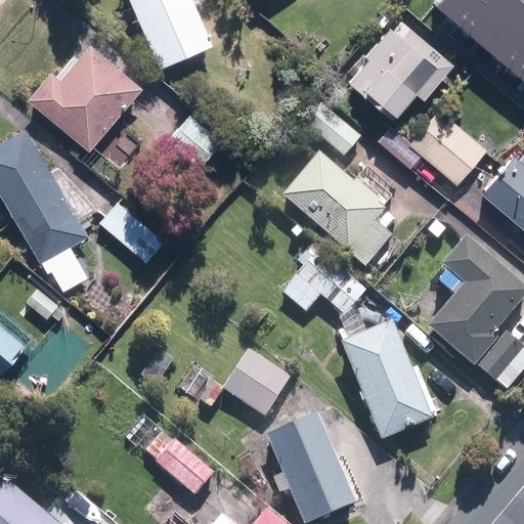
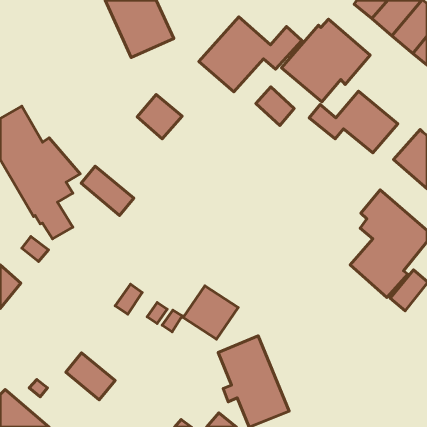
building: none -> [199,17,302,92]
building: [29,48,142,154] -> none
building: [281,149,392,265] -> none
building: [274,244,437,439] -> none
building: [156,437,216,494] -> [66,353,115,400]

